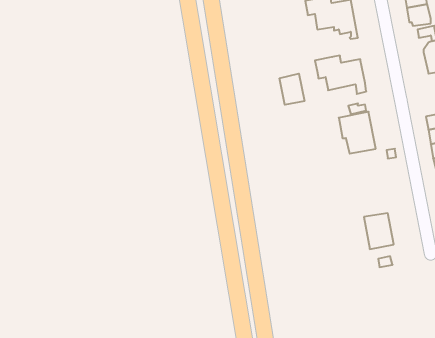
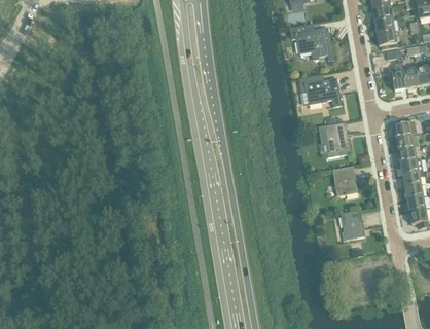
building: [280,74,304,105] -> none
building: none -> [332,166,357,195]

